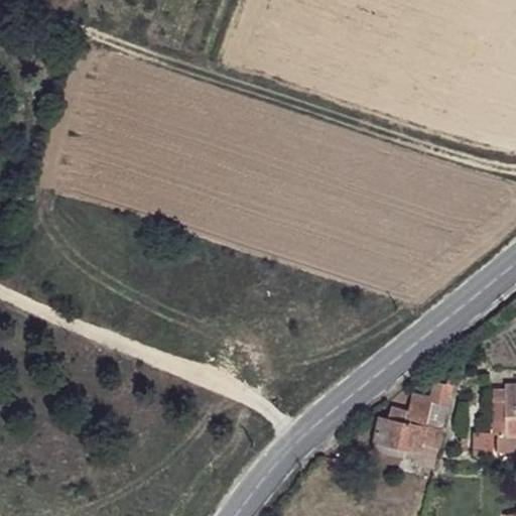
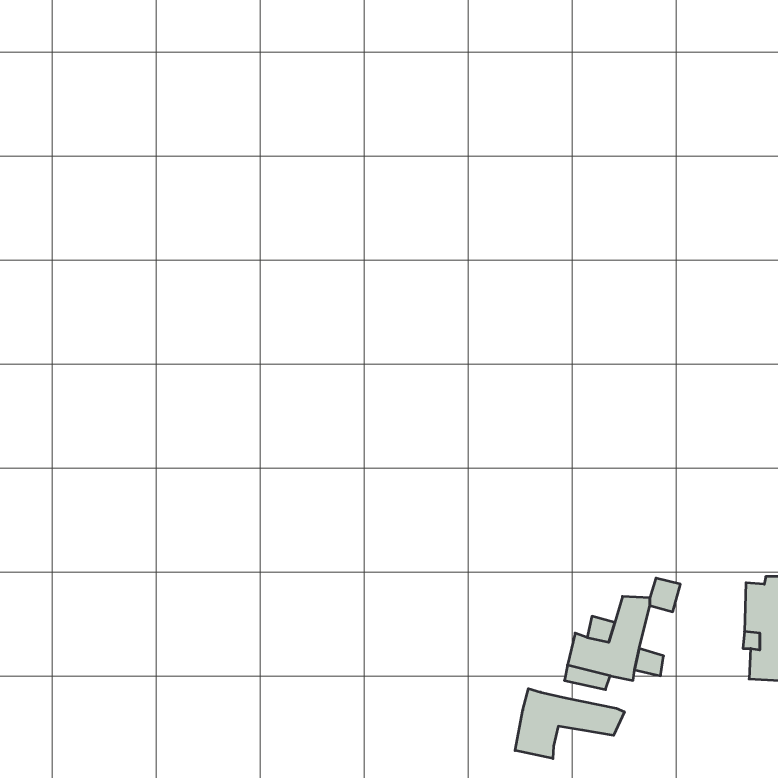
building: none -> [515,689,624,759]

